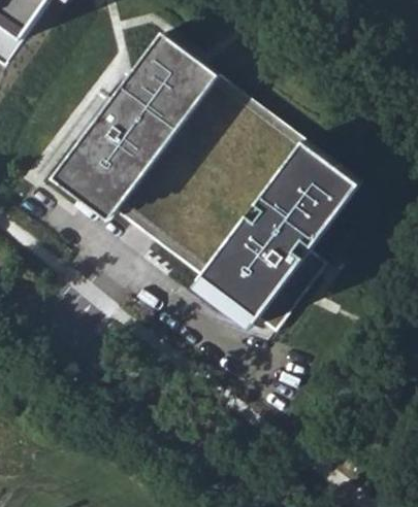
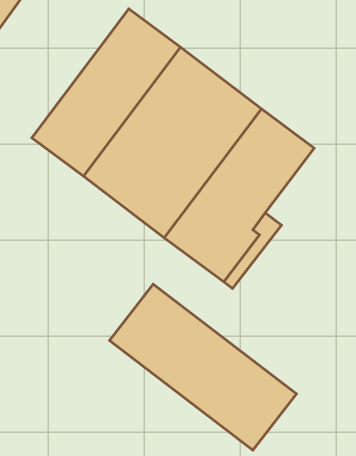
building: none -> [109,284,297,450]

